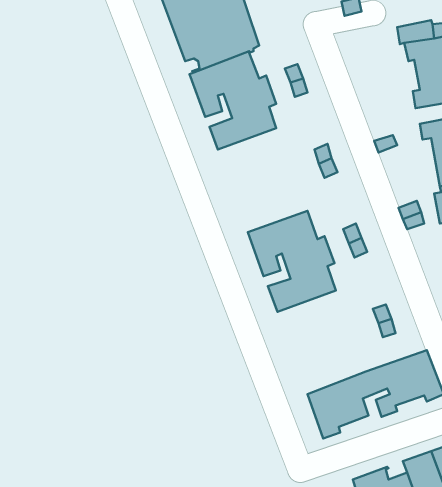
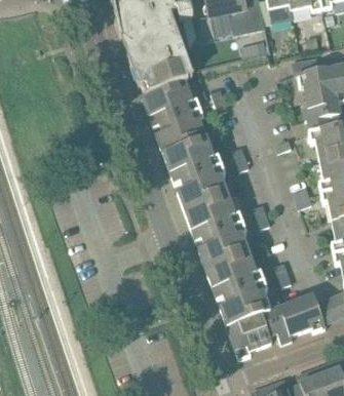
building: none -> [163,134,228,209]
building: none -> [206,251,270,326]

